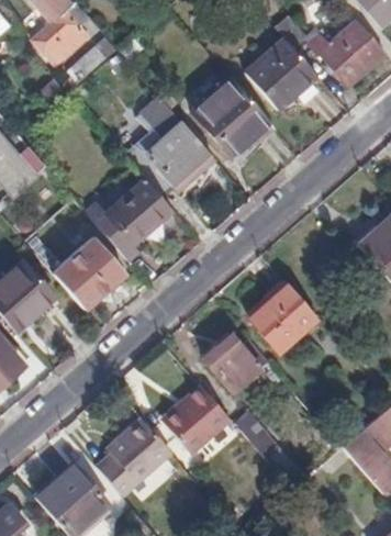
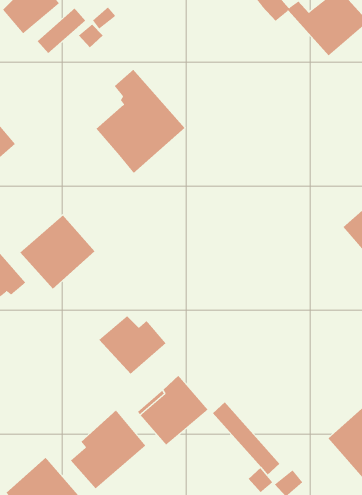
building: [244,36,314,107] -> none
building: [193,76,271,149] -> none
building: [96,178,170,259] -> none
building: [250,282,317,355] -> none
building: [202,335,267,391] -> [98,316,166,374]

